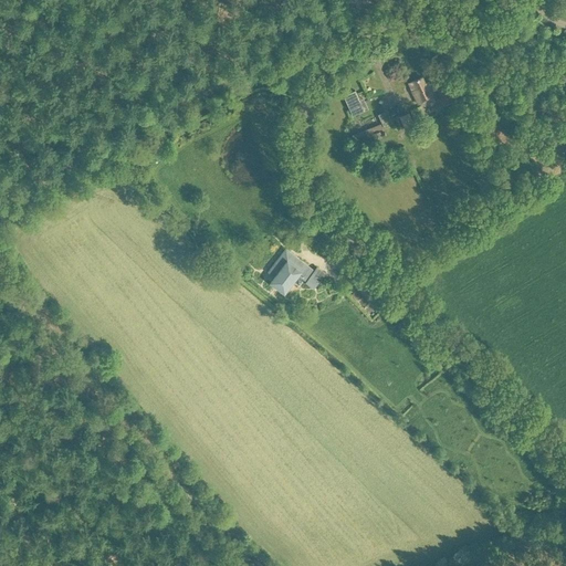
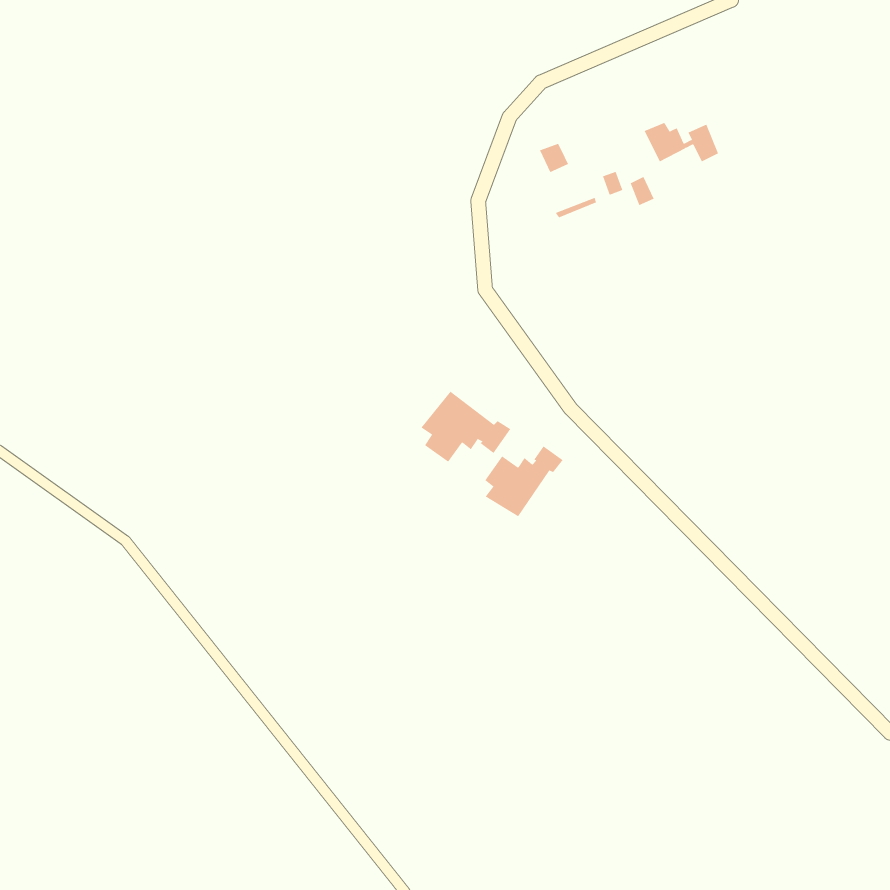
building: none -> [484,445,564,517]

